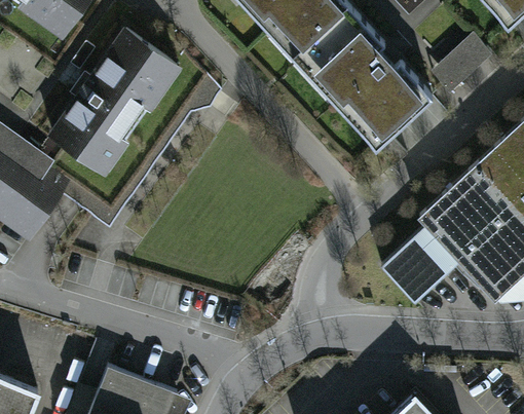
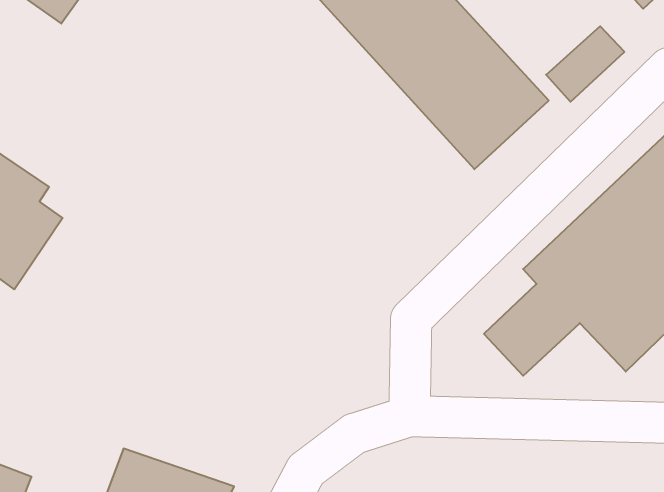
building: [41,24,178,172] -> none

